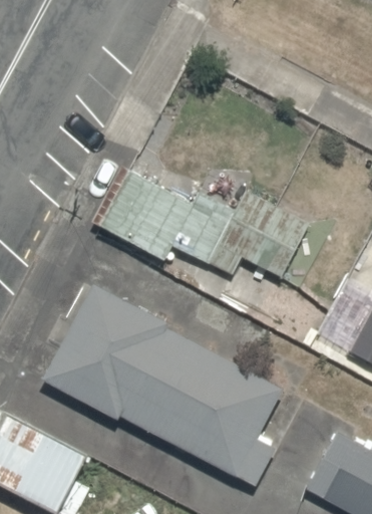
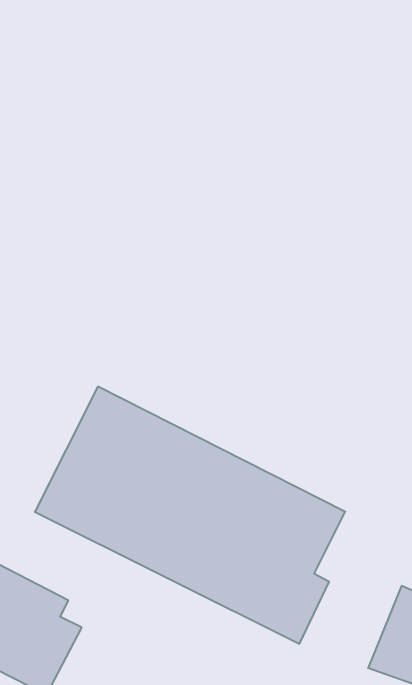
building: [88,168,301,278] -> none

